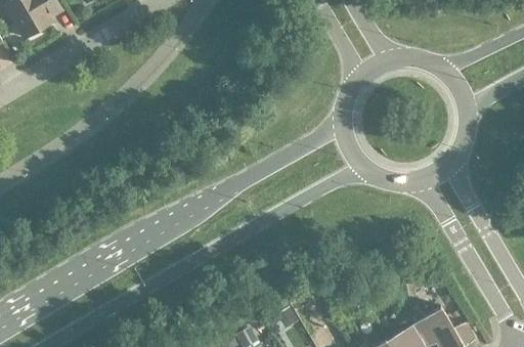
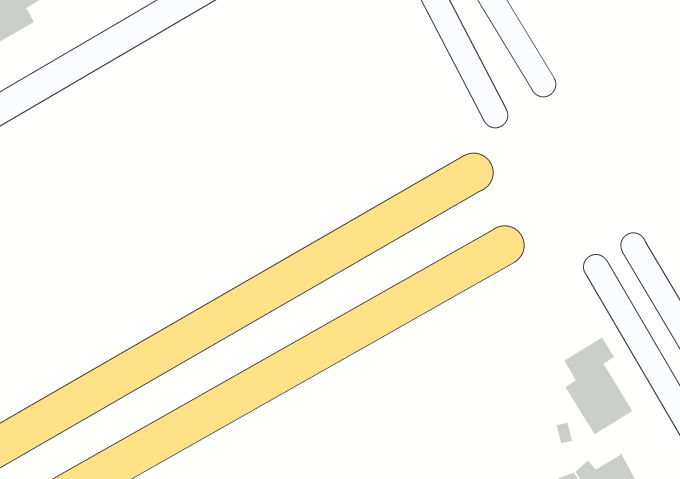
building: none -> [563,336,633,435]

